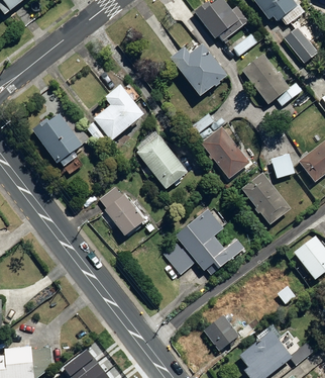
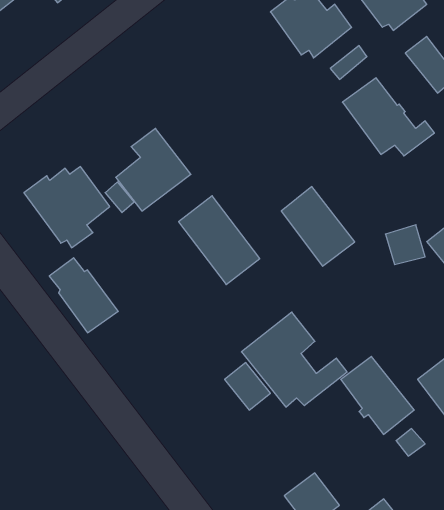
building: [169,41,228,96] -> none
building: [242,173,291,224] -> [341,356,414,434]
building: [100,185,145,234] -> [49,258,118,333]

